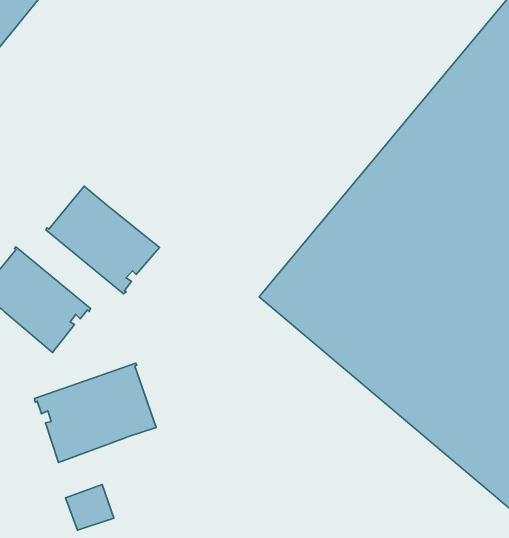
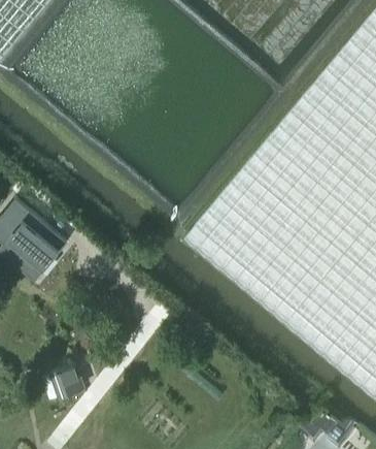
building: [46,186,160,294] -> none
building: [35,363,156,462] -> none

